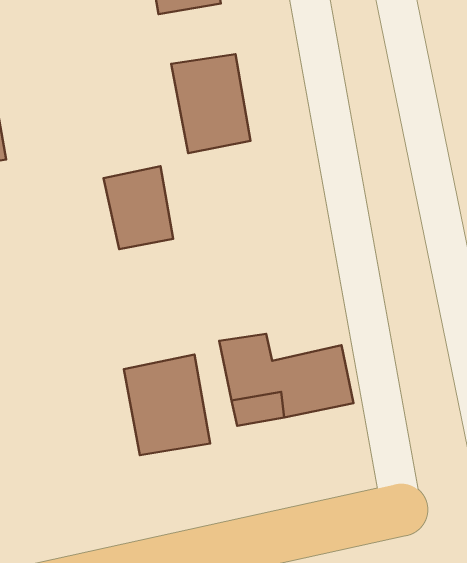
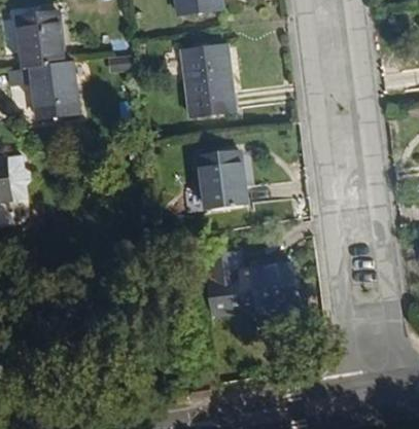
building: [104,166,173,249] -> [206,153,253,211]
building: [124,354,210,455] -> none

